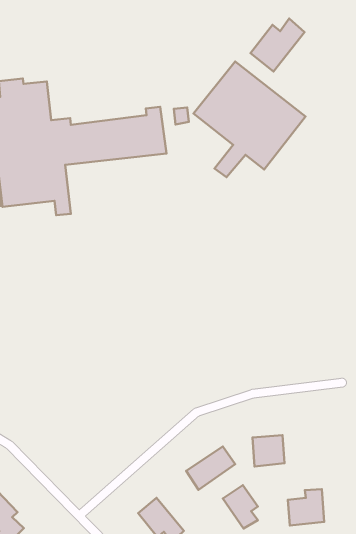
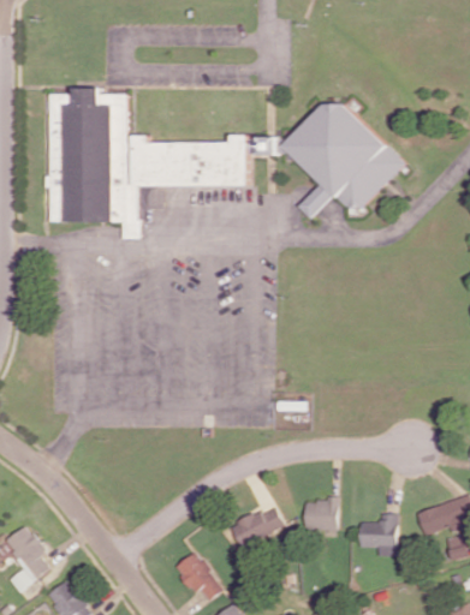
building: [250,19,304,71] -> none
building: [223,485,258,529] -> none
building: [288,489,324,526] -> [359,513,398,549]

